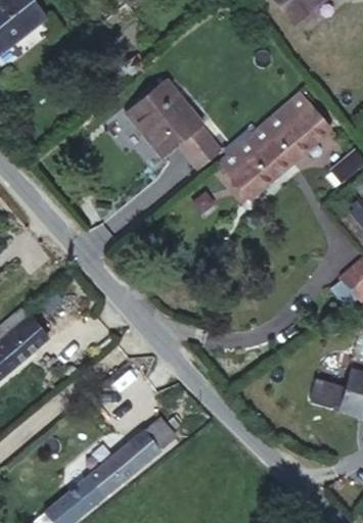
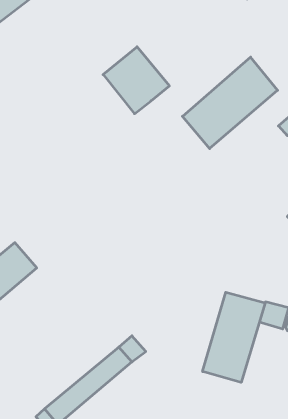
building: [182,125,222,165] -> none
building: none -> [203,292,265,382]

